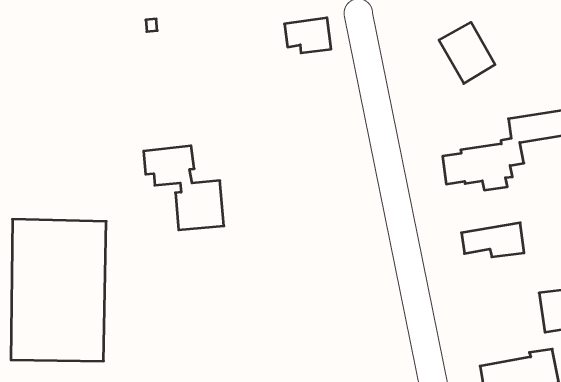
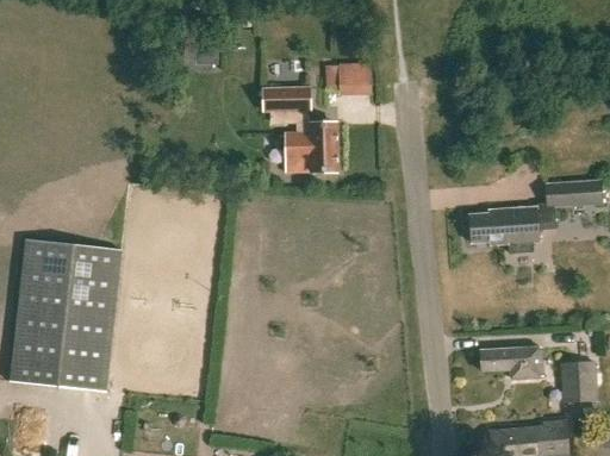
building: [439,22,495,84] -> none
building: [144,146,224,230] -> [259,87,334,171]
building: [461,223,524,257] -> [481,345,543,377]

